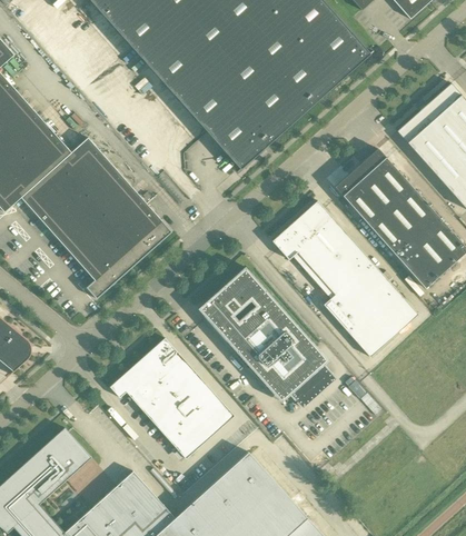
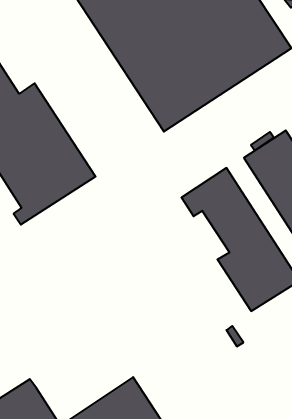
building: [197,267,335,407] -> none
building: [109,338,234,459] -> none

